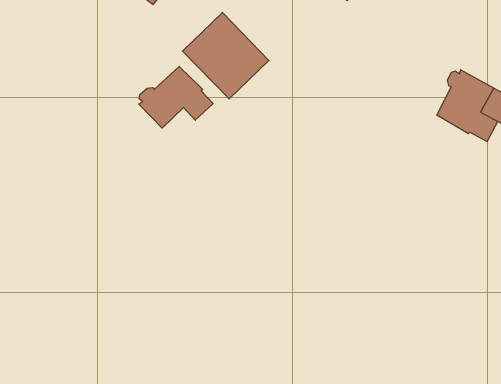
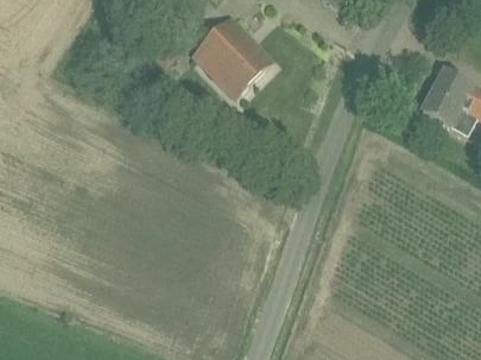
building: [139,66,213,128] -> none

